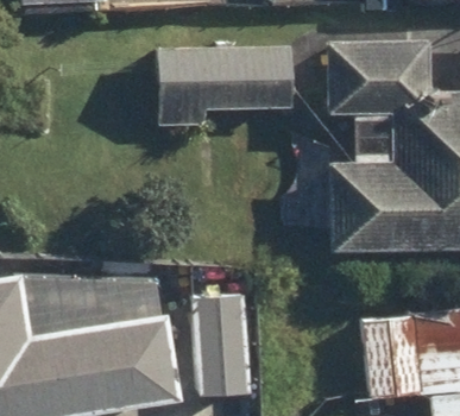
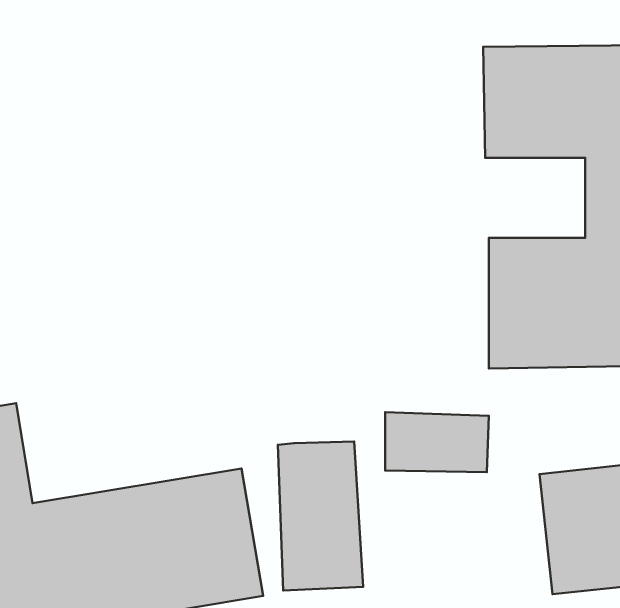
building: [159,49,292,125] -> none

